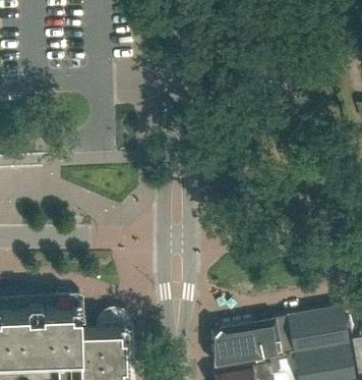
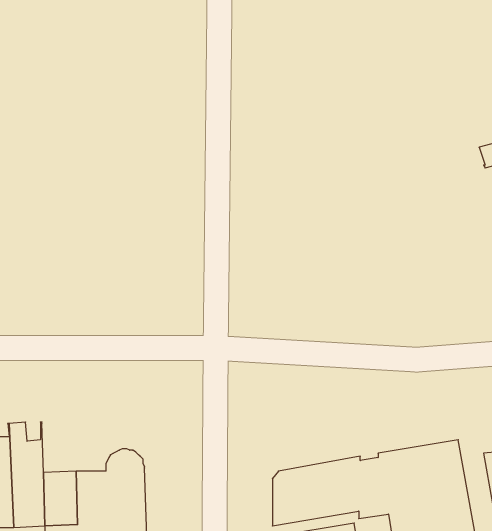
building: [53,298,76,336] -> none

